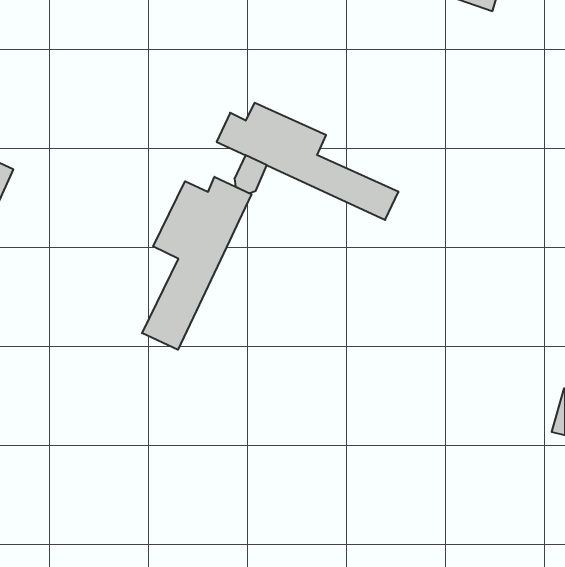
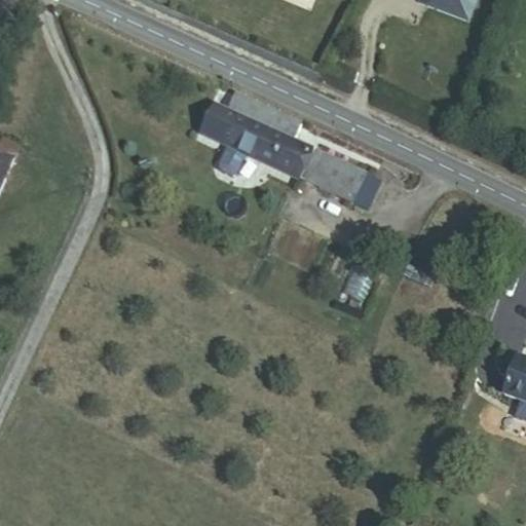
building: [142,177,251,350] -> none

